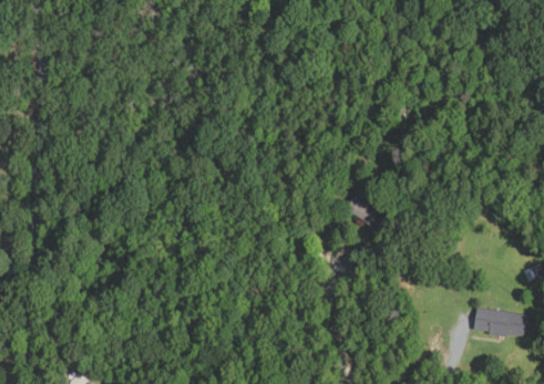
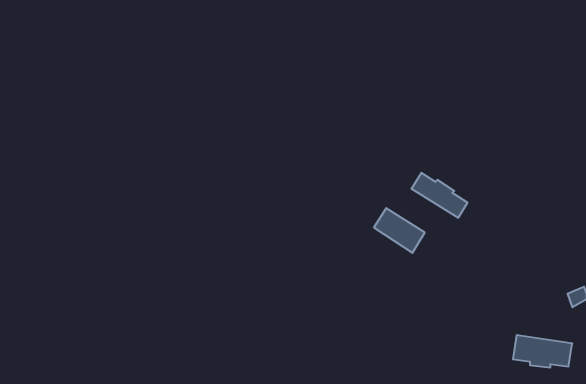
building: none -> [411,173,467,218]

